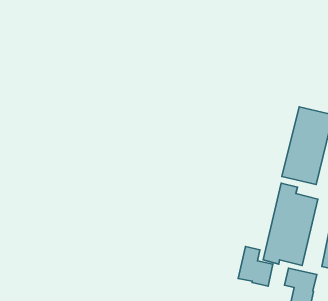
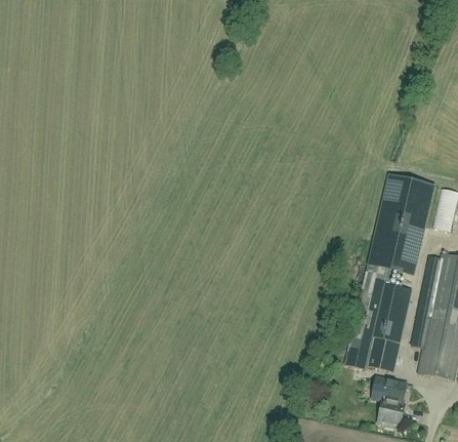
building: [238,247,273,286] -> none

